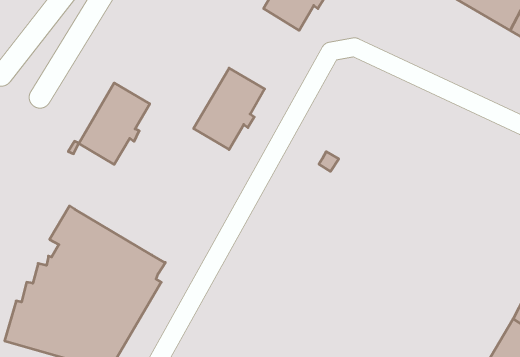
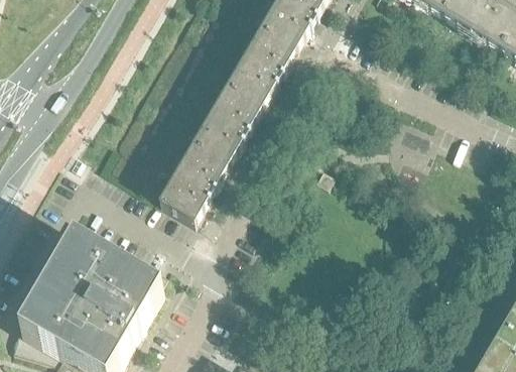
building: none -> [227,27,294,105]
building: [79,83,150,164] -> [158,143,227,222]

